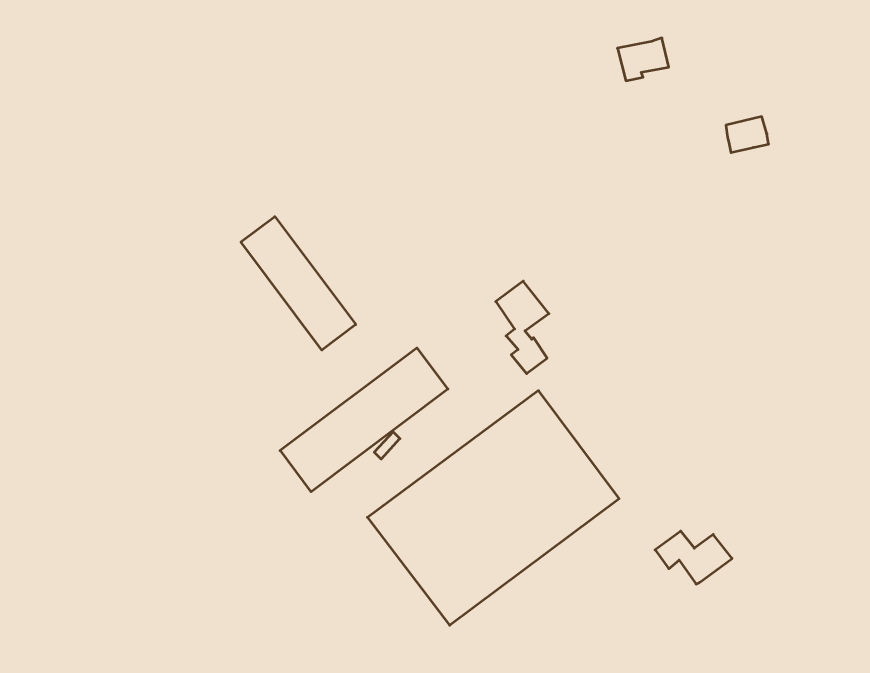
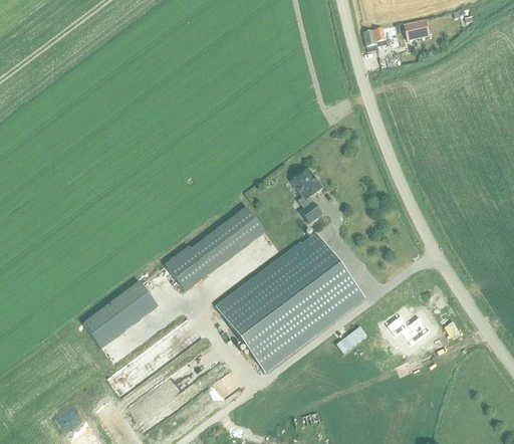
building: [726,117,769,153] -> [405,19,430,40]
building: [241,217,356,350] -> none
building: none -> [82,281,156,347]

